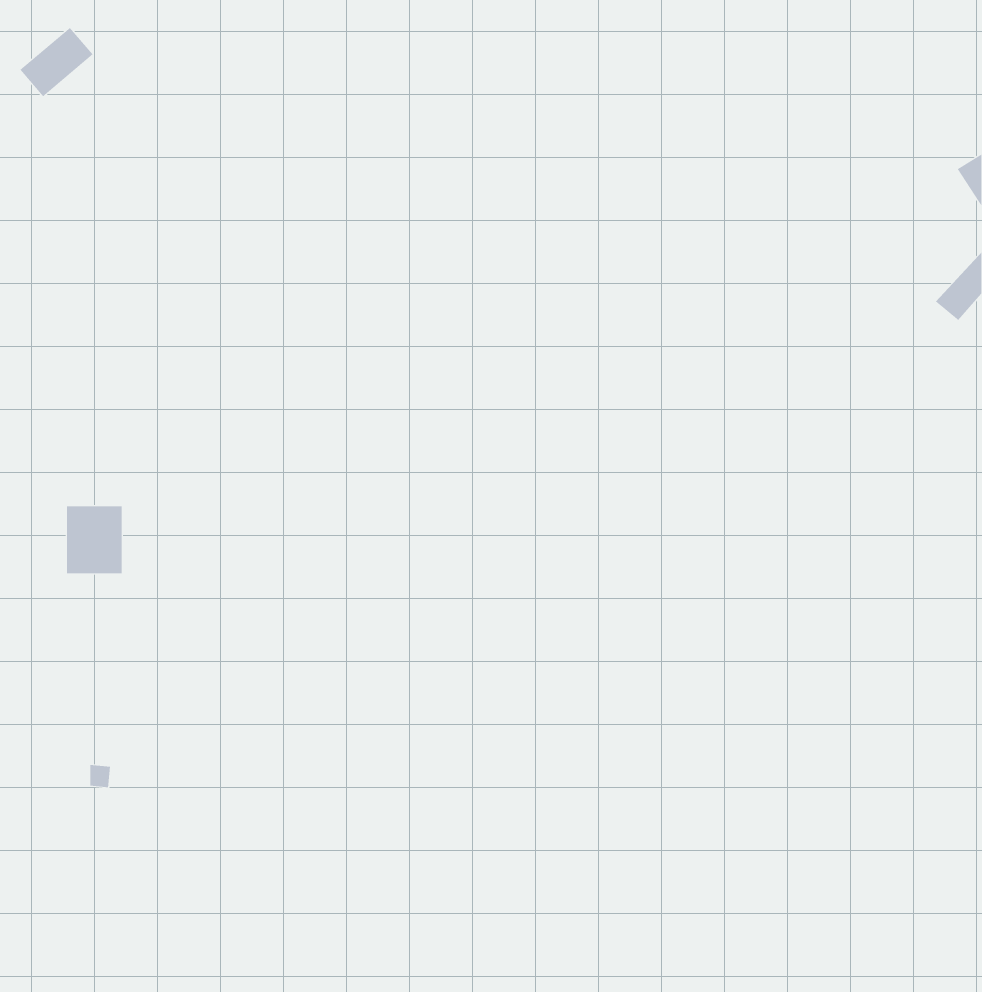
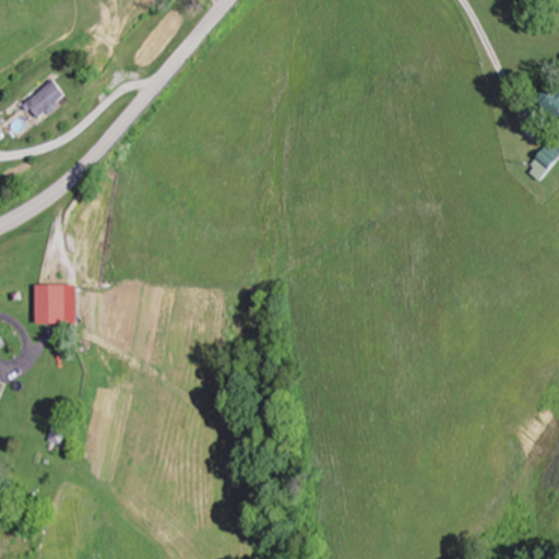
building: [20,27,93,97] -> [24,79,66,118]

